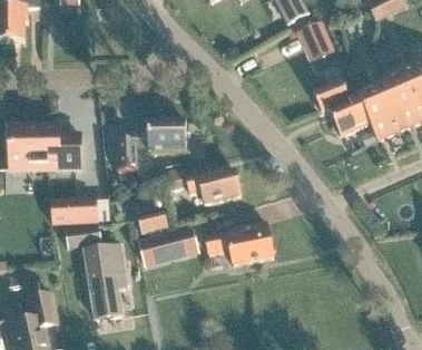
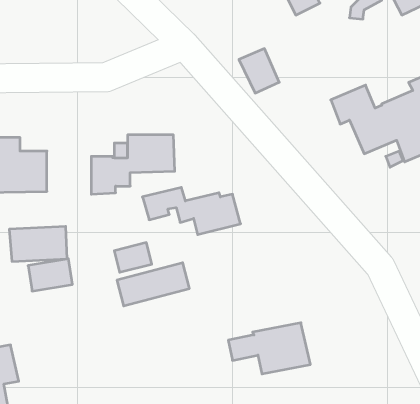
building: [300,21,333,58] -> [239,49,279,93]
building: [205,221,273,263] -> [228,323,310,374]
building: [84,243,127,318] -> none

